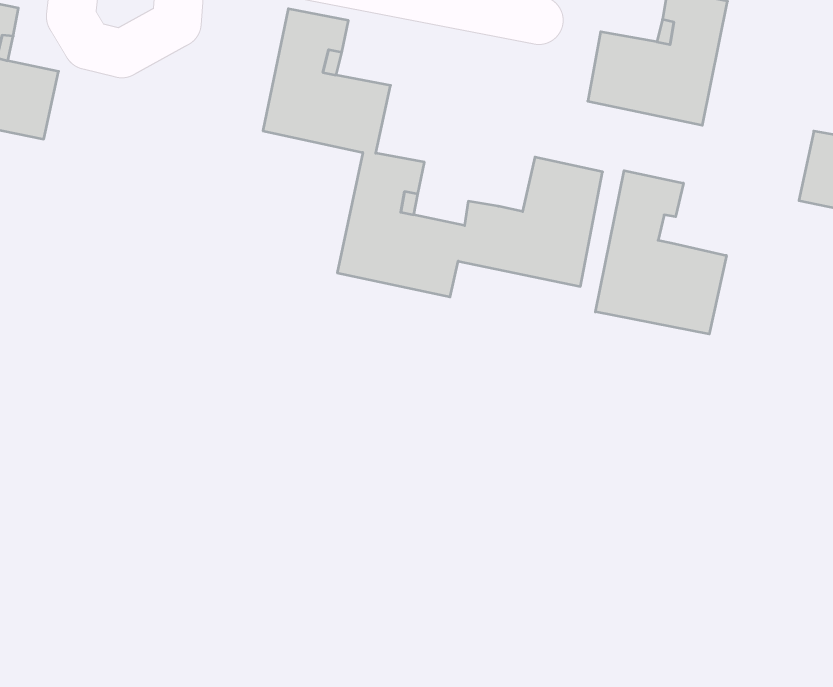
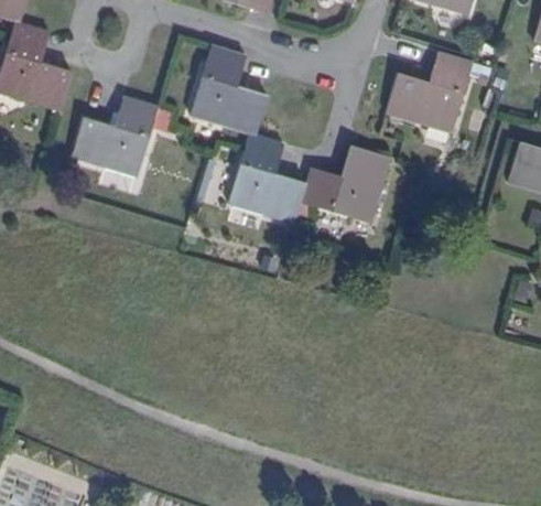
building: none -> [72,94,159,176]
building: [595,171,726,334] -> none

